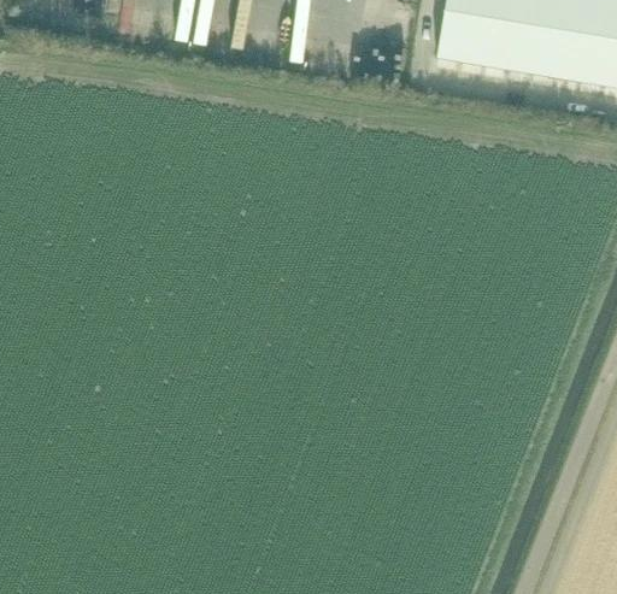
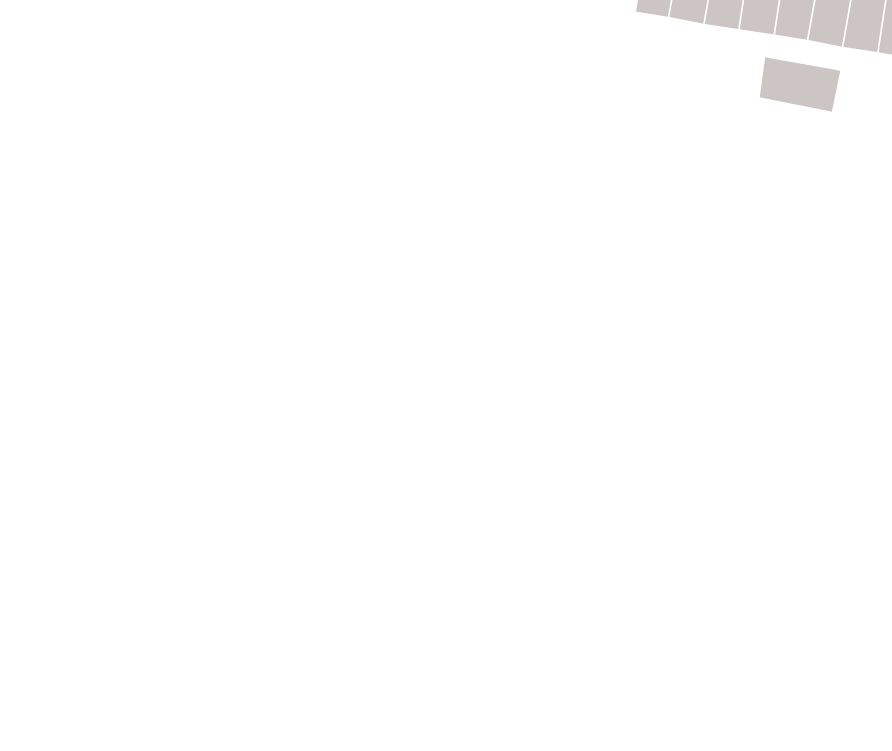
building: none -> [759,57,841,113]

